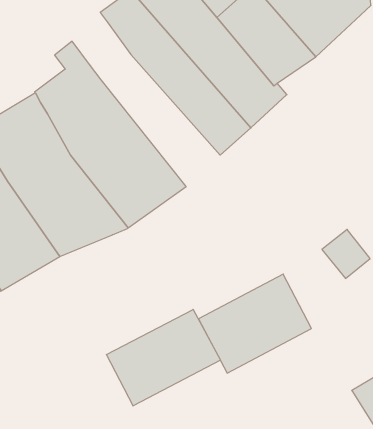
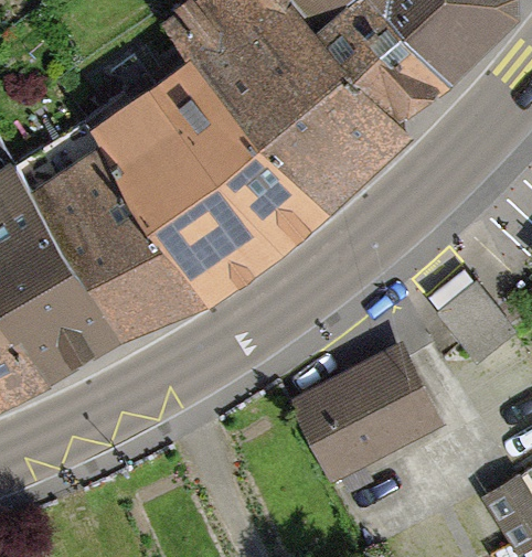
building: none -> [157,22,320,242]
building: [106,309,220,406] -> none

